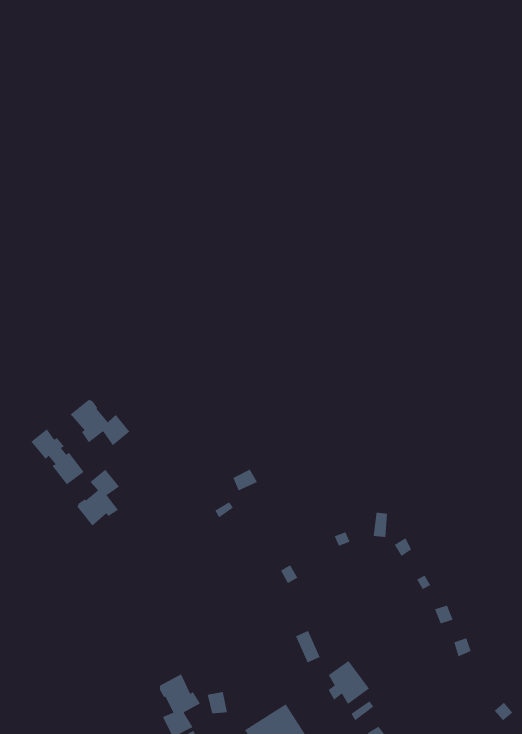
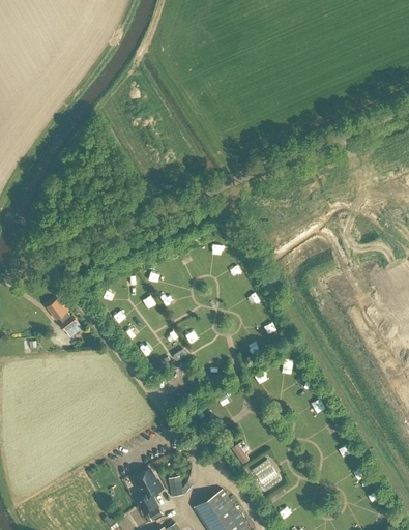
building: [70,399,130,446] -> none
building: [77,469,120,526] -> none

